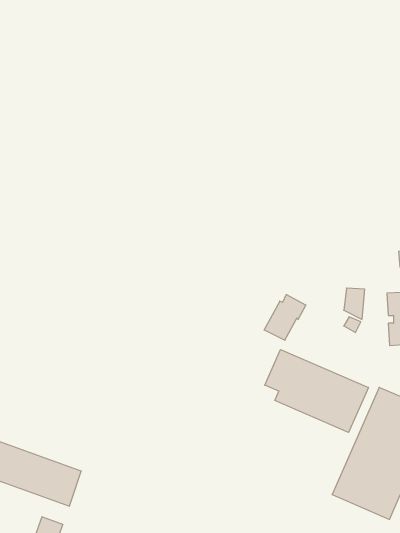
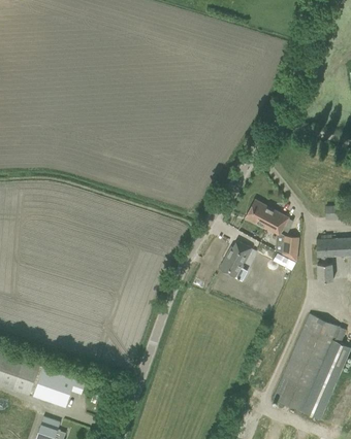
building: none -> [245,199,287,233]
building: [265,350,368,432] -> none

